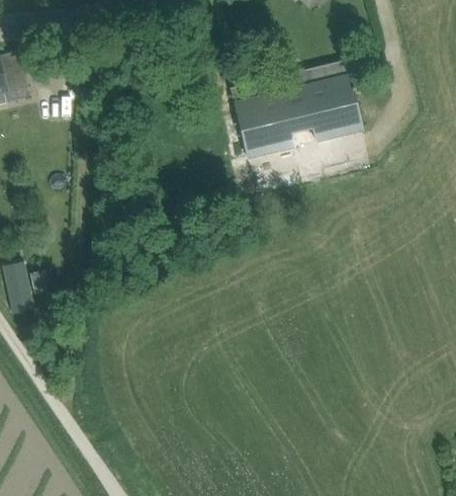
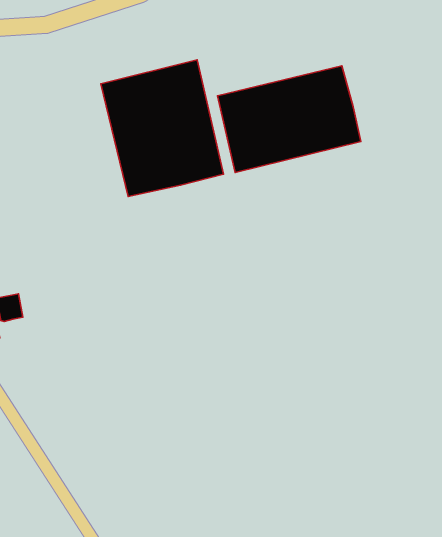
building: none -> [101,60,224,197]

